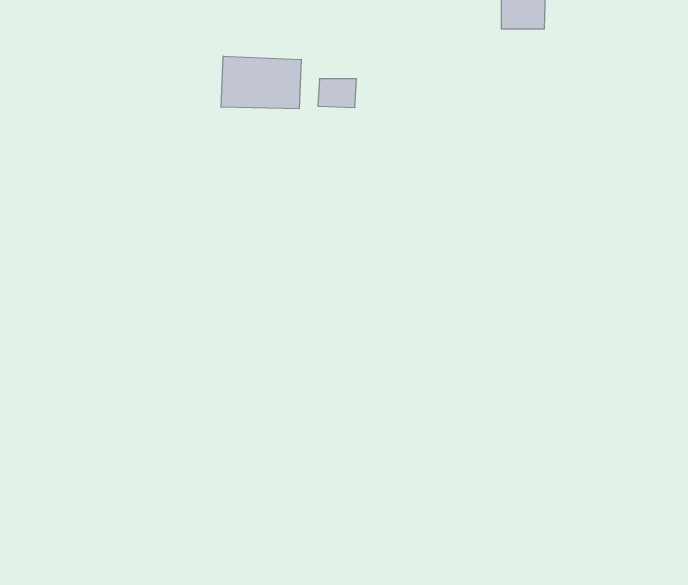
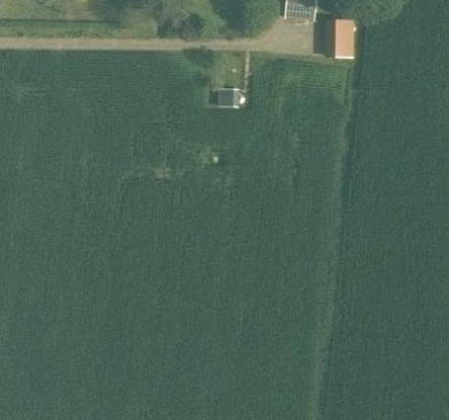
building: [221,56,301,109] -> none

